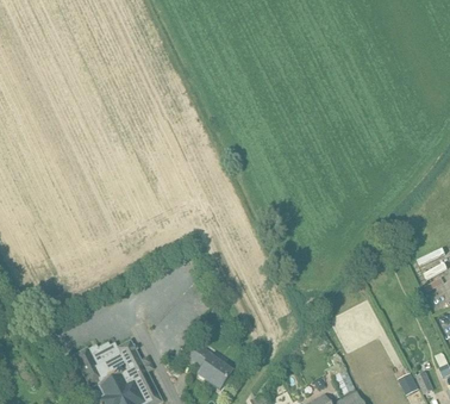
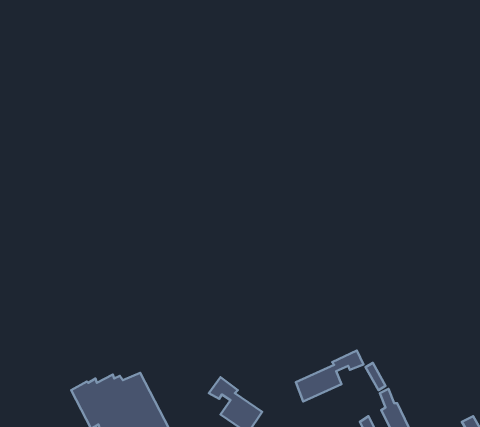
building: none -> [296,350,363,401]

